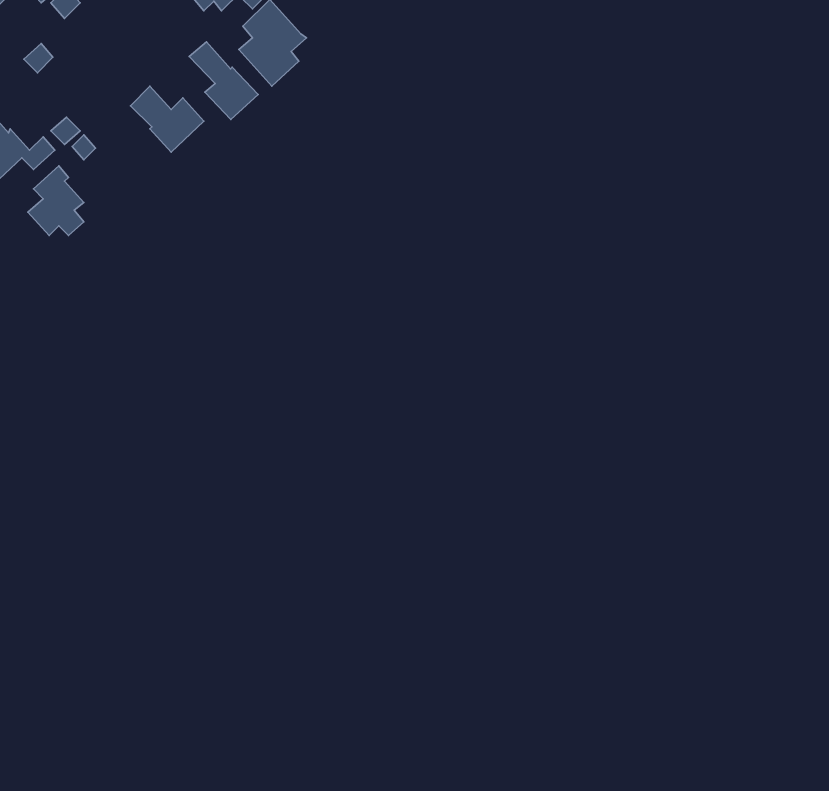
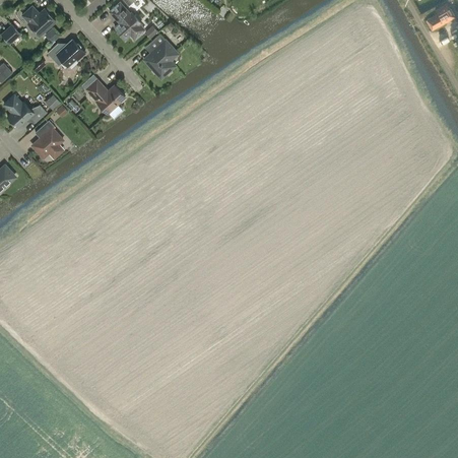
building: none -> [48,39,85,65]
building: [189,42,258,120] -> none

